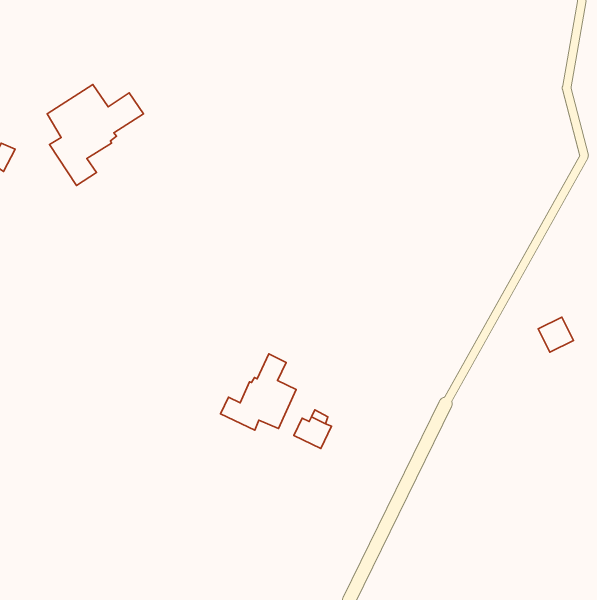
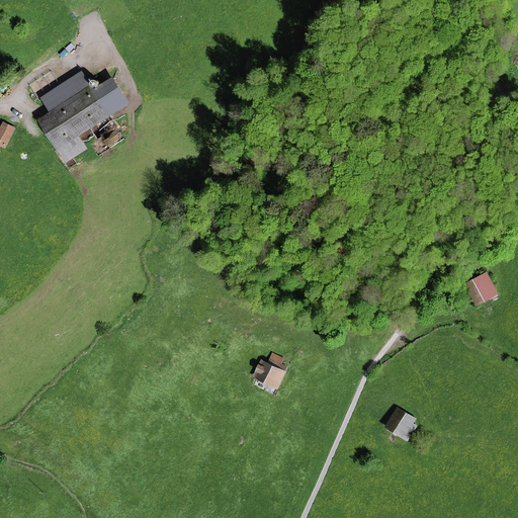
building: [221,354,296,430] -> none
building: none -> [384,409,414,439]

